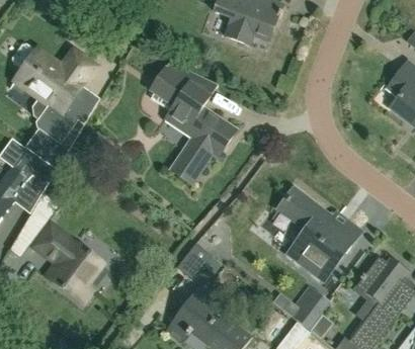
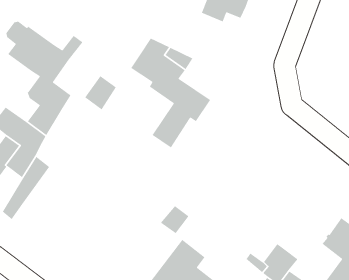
building: [64,86,99,124] -> [84,75,117,111]
building: [278,188,357,280] -> none
building: [35,225,102,302] -> none

